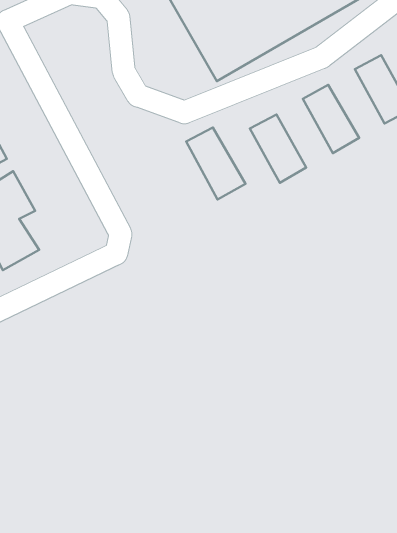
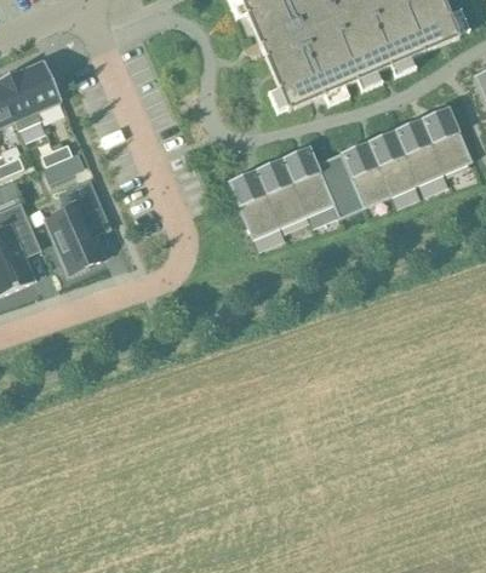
building: none -> [396,116,446,182]
building: none -> [344,139,394,205]
building: none -> [282,145,335,214]
building: none -> [228,168,280,237]

